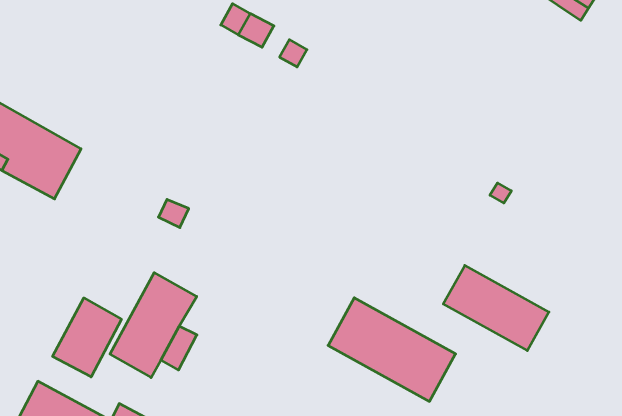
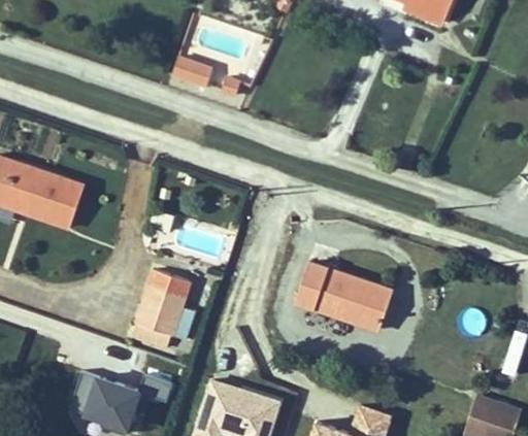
building: [443,265,549,351] -> none
building: [53,298,121,377] -> none

